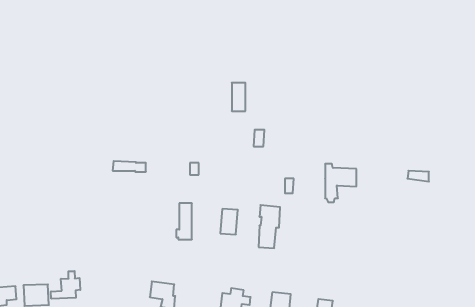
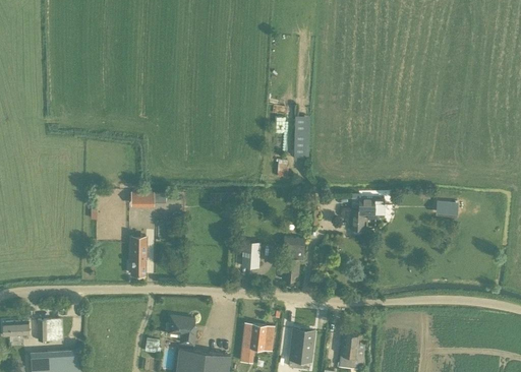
building: [232,83,245,111] -> [295,127,309,157]
building: [176,203,192,239] -> [129,237,146,274]
building: [51,271,80,299] -> none

